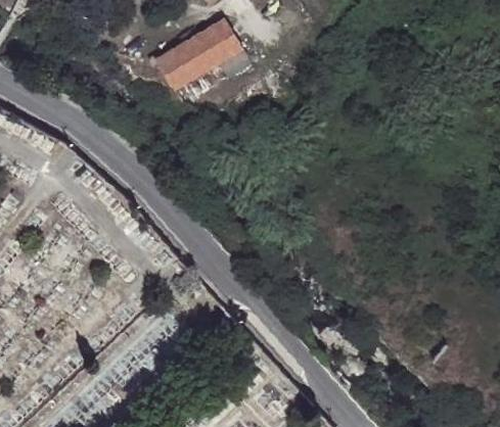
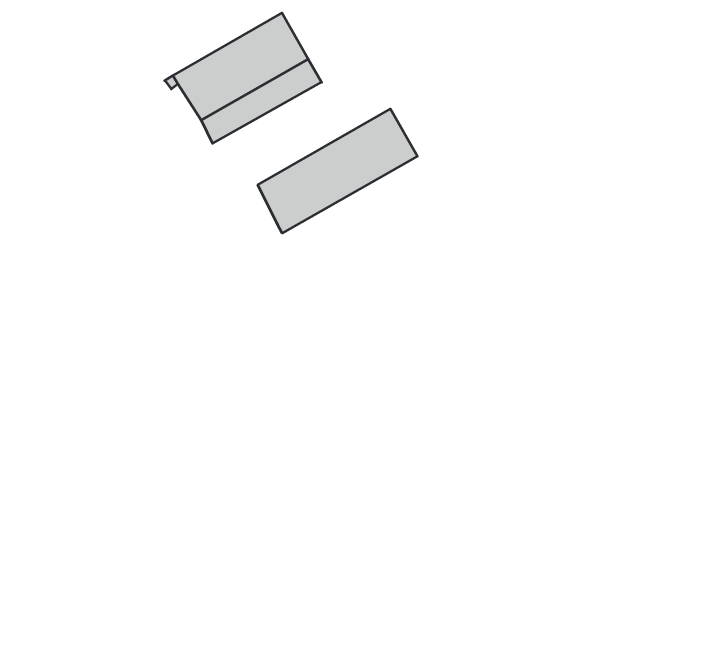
building: none -> [258,109,417,233]

